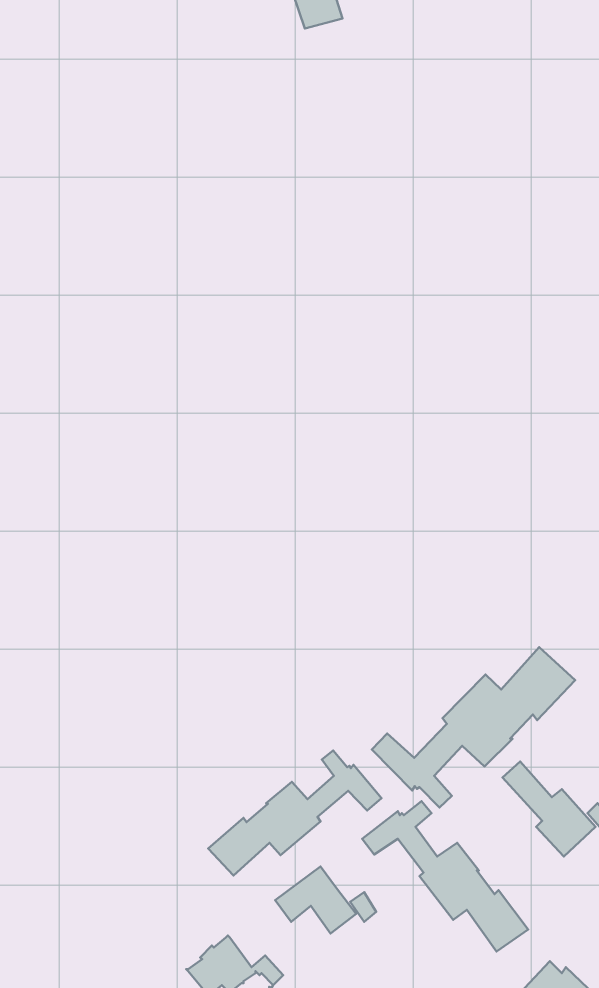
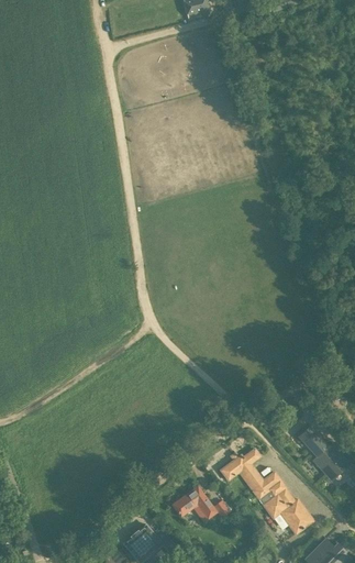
building: [372,647,575,808] -> none
building: [208,750,382,876] -> none

